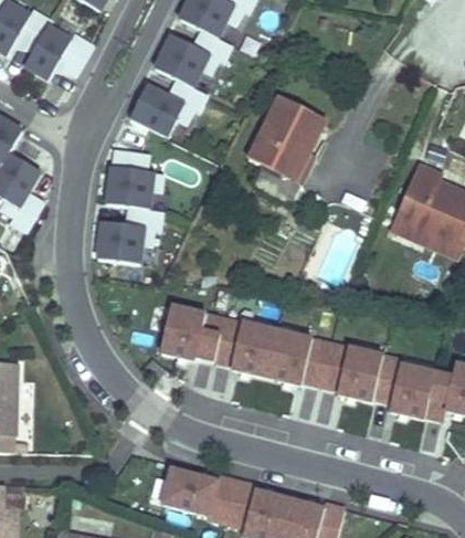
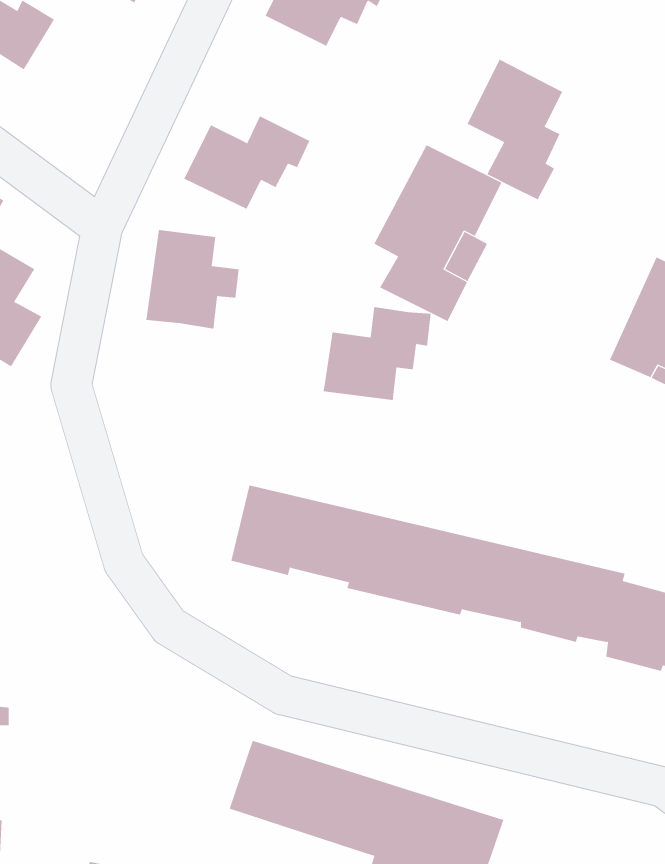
building: [24,25,93,80] -> none
building: [156,29,233,86] -> none
building: none -> [467,59,563,200]
building: [97,205,163,263] -> [323,306,431,401]

